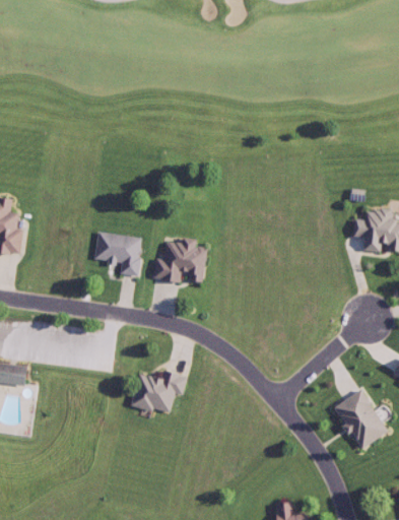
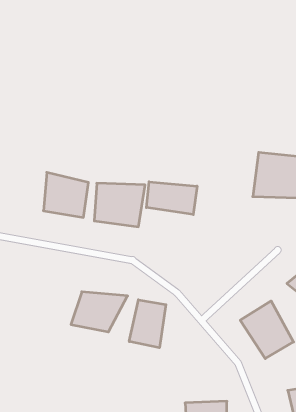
building: none -> [146,182,197,215]
building: none -> [129,300,166,348]

